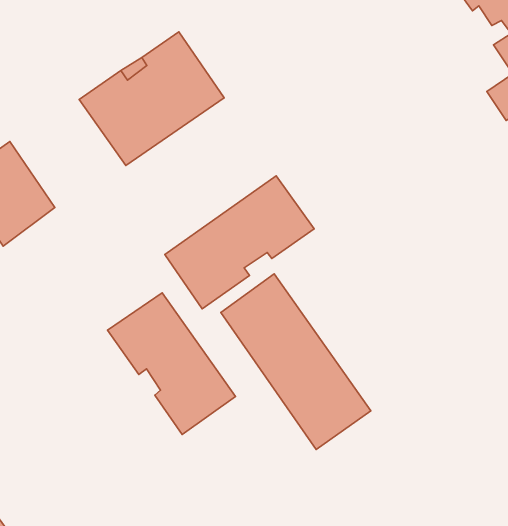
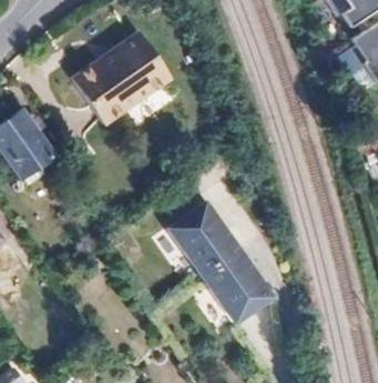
building: [165,176,314,309] -> none
building: [108,293,236,435] -> none

